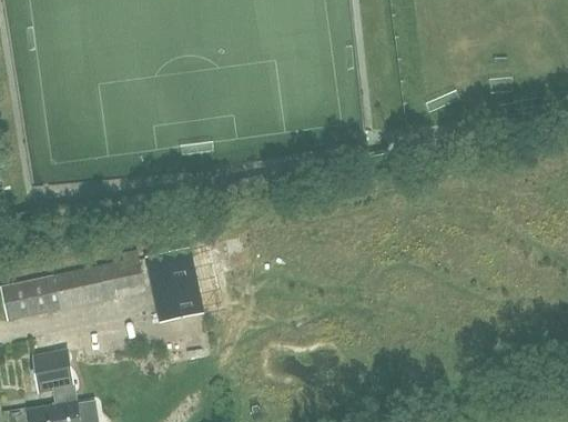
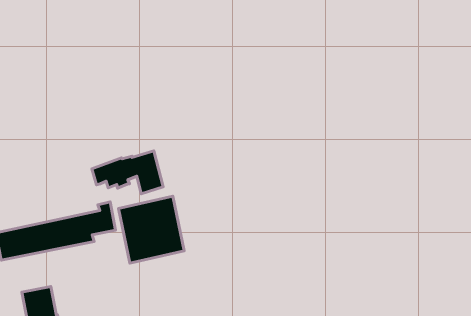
building: none -> [92,151,163,194]

